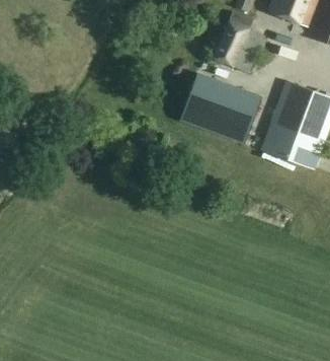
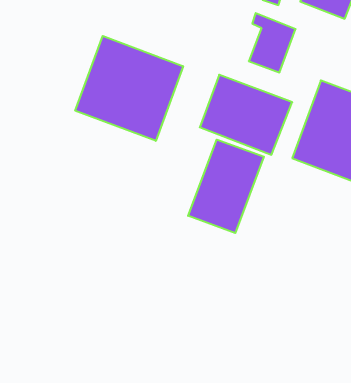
building: none -> [75,36,183,141]
building: none -> [188,140,264,233]

